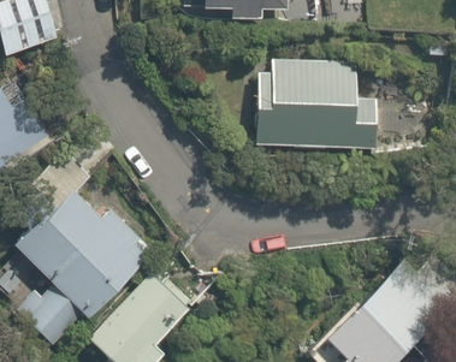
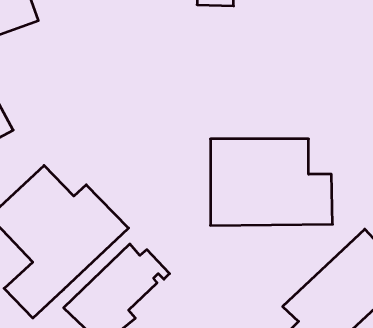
building: [253,58,381,149] -> [210,139,333,225]

